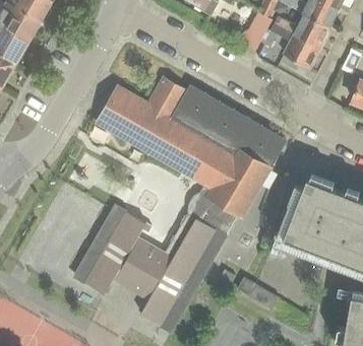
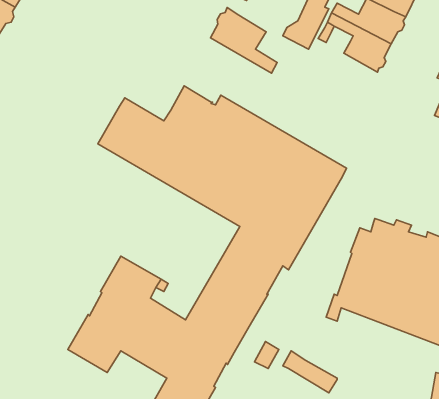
building: none -> [210,7,277,73]

